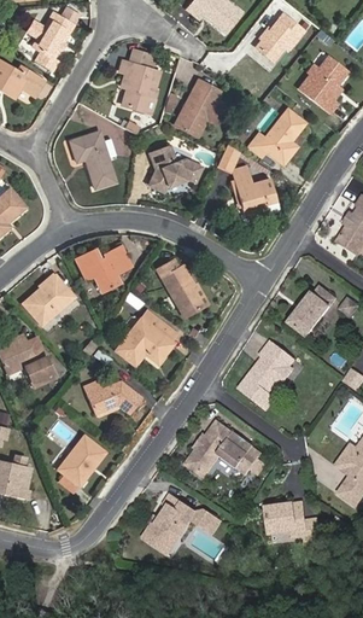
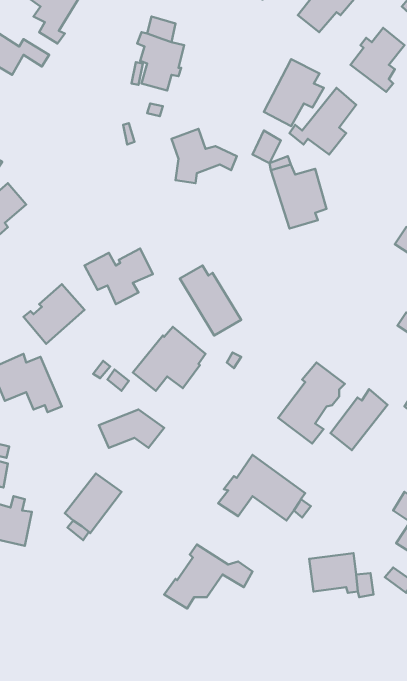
building: [175,80,226,136] -> [264,59,324,126]
building: [70,130,117,188] -> none
building: [288,285,336,337] -> [331,389,388,450]

